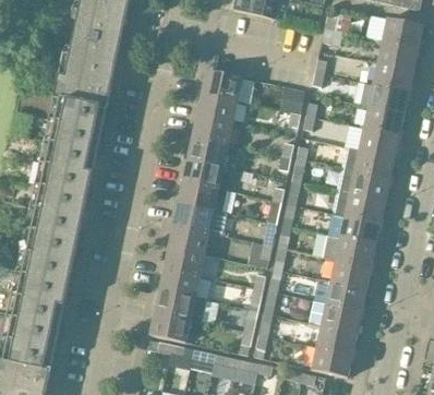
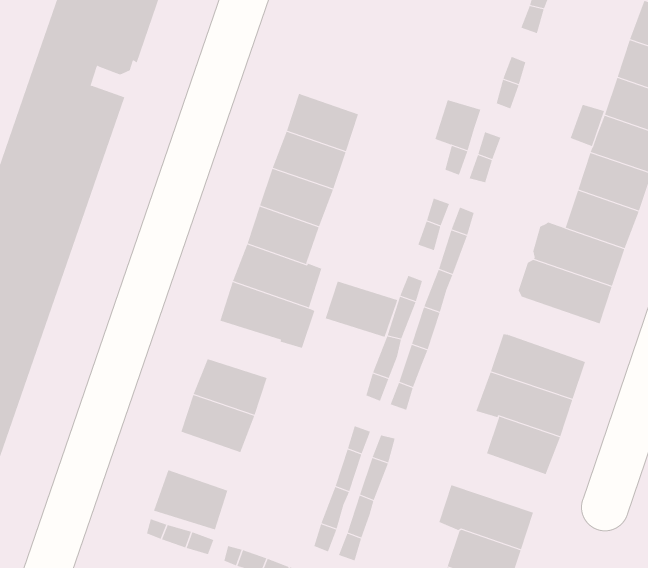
building: [202,71,242,101] -> none
building: [333,192,385,224] -> none
building: [169,226,208,254] -> [325,281,398,338]
building: [313,278,365,311] -> none
building: [155,290,194,320] -> none

